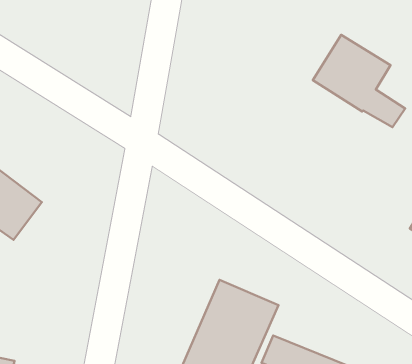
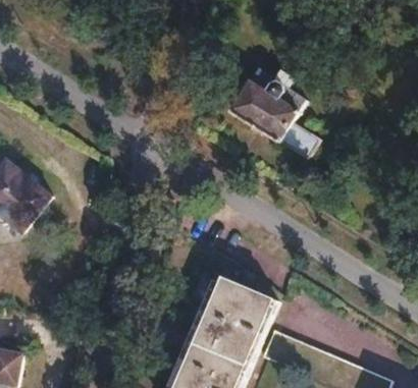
building: [313,35,405,127] -> [230,67,320,157]

